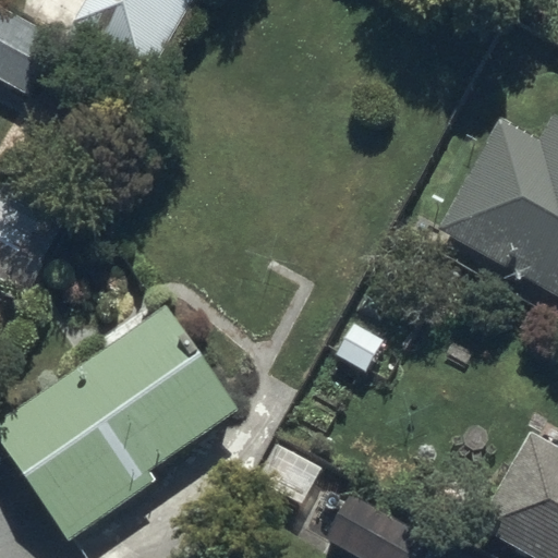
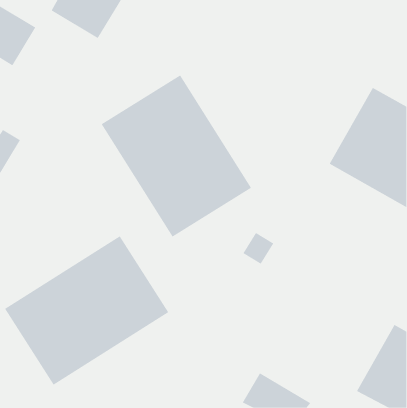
building: none -> [101,75,252,237]

